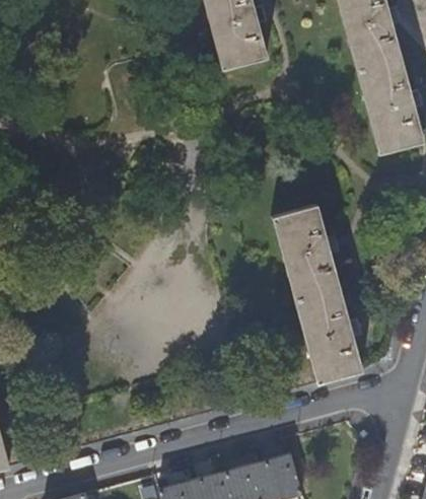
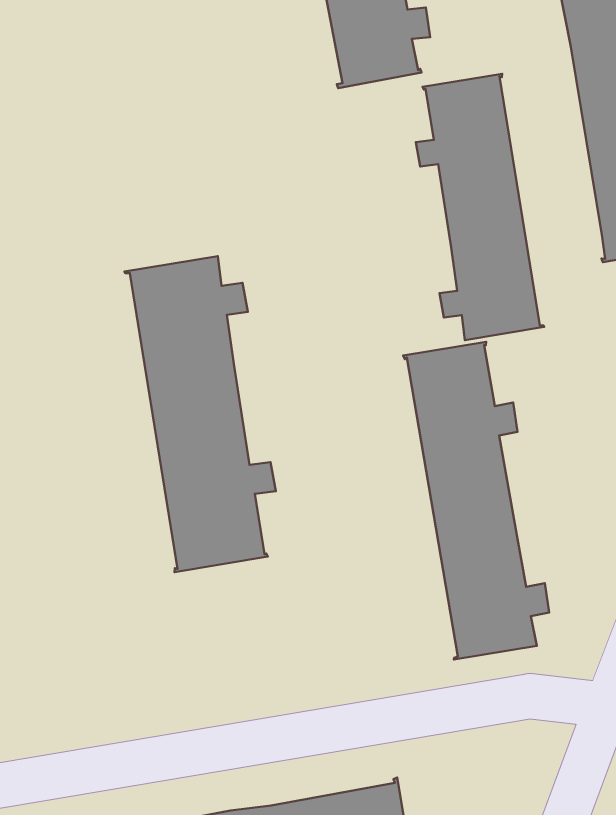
building: none -> [416,74,544,340]
building: none -> [125,256,276,572]

